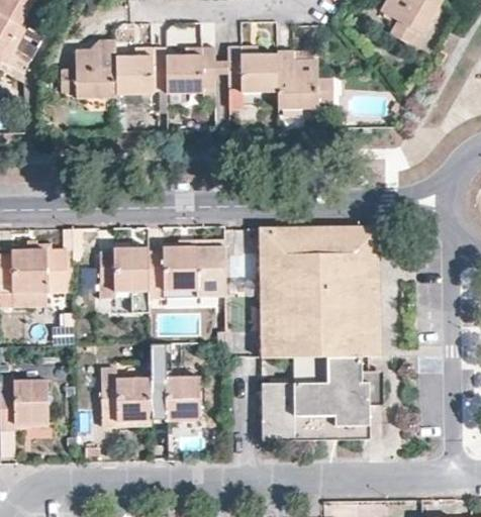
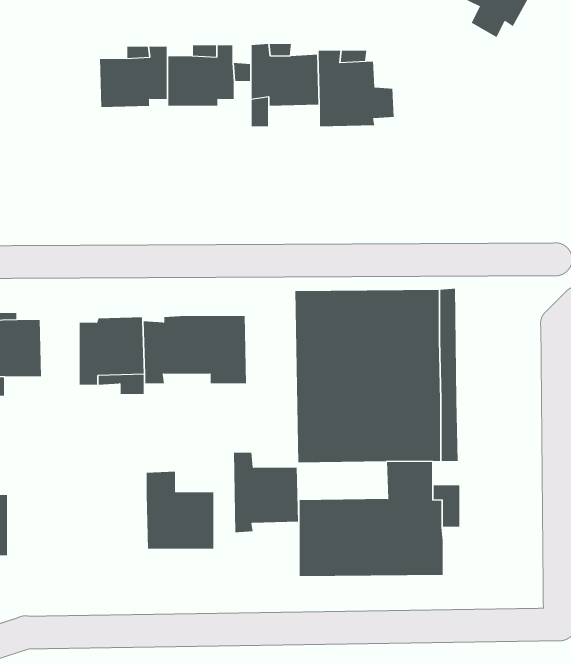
building: [60,39,116,97] -> none
building: [102,368,151,427] -> [233,452,299,533]

